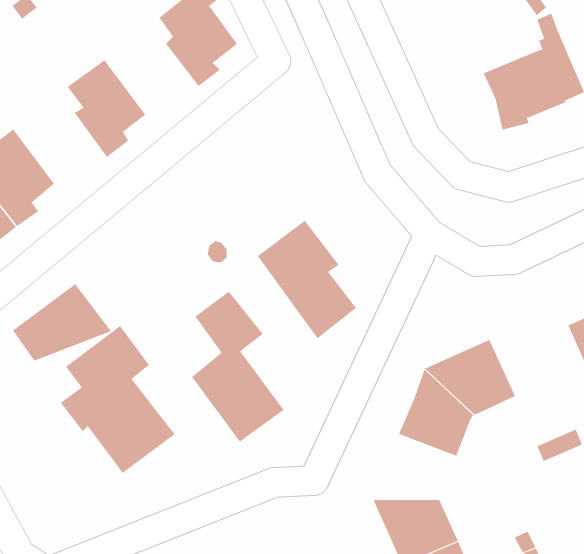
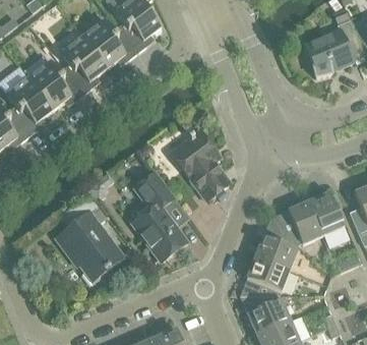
building: none -> [81,19,136,69]
building: none -> [27,61,82,110]
building: [12,283,112,361] -> none
building: none -> [308,193,344,235]
building: none -> [239,257,289,296]

